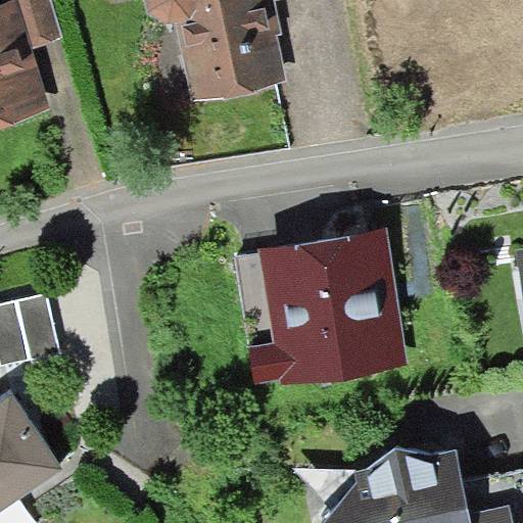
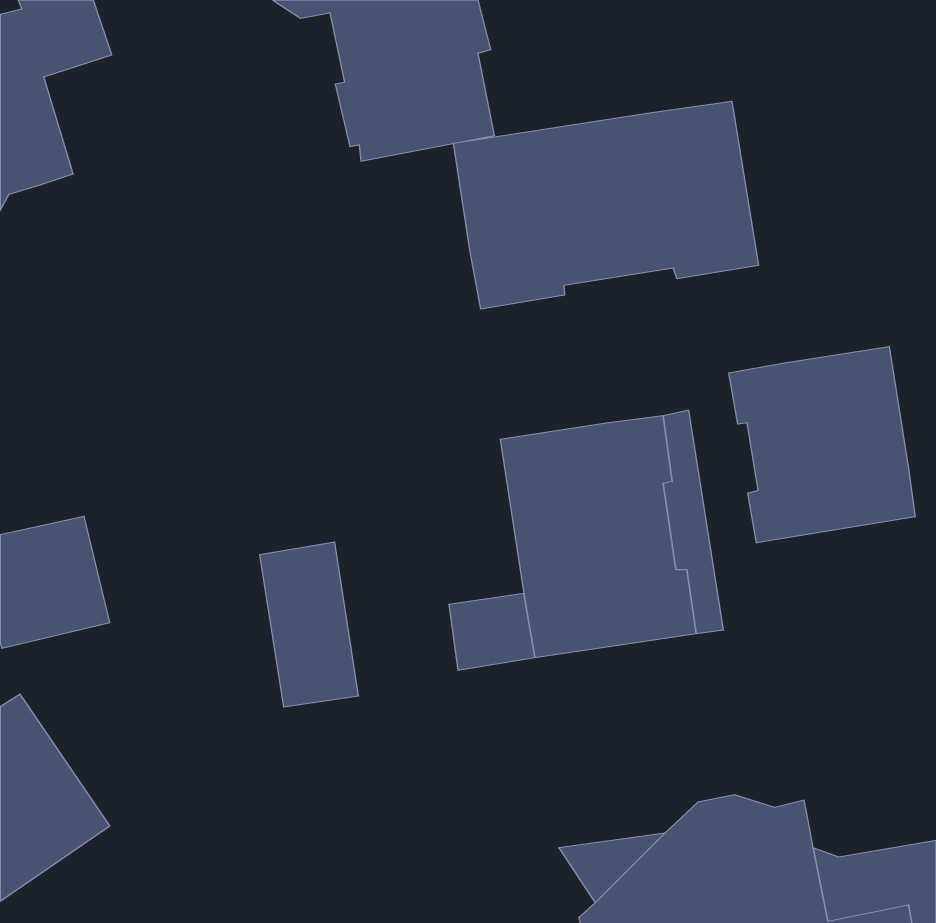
building: none -> [453,101,759,309]
building: none -> [729,346,915,543]
building: [237,252,292,344] -> [260,542,359,707]

